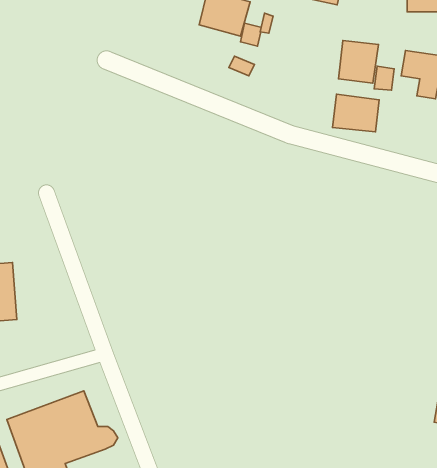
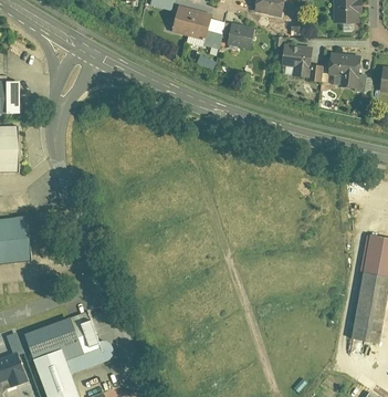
building: none -> [229,22,255,49]
building: [332,94,379,132] -> none

